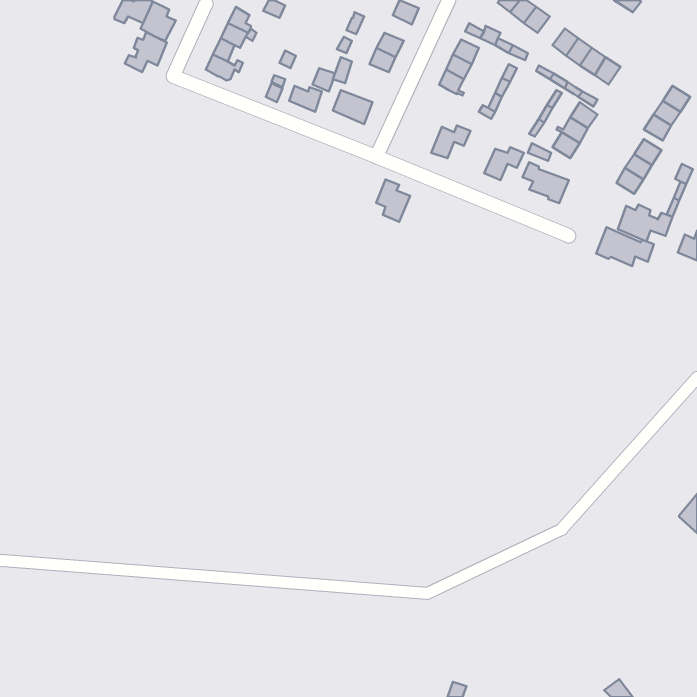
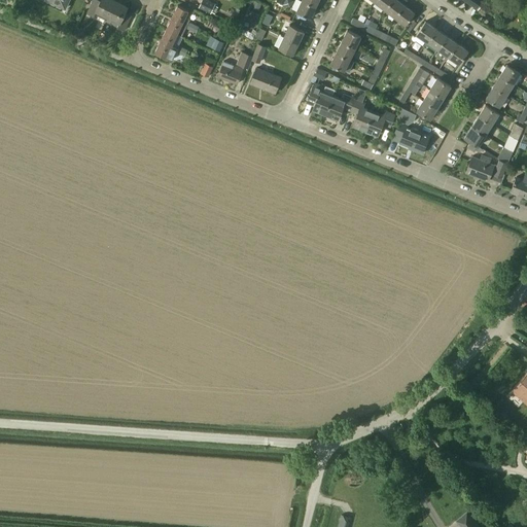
building: [125,32,167,72] -> none
building: none -> [350,89,374,131]
building: [376,179,410,222] -> [308,83,333,115]
building: [596,227,654,266] -> none

